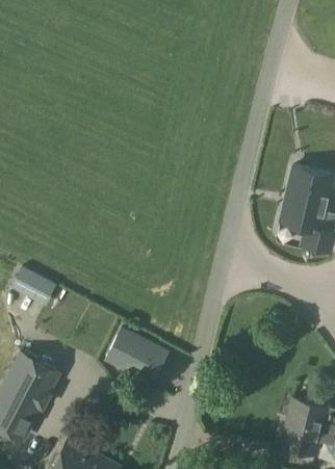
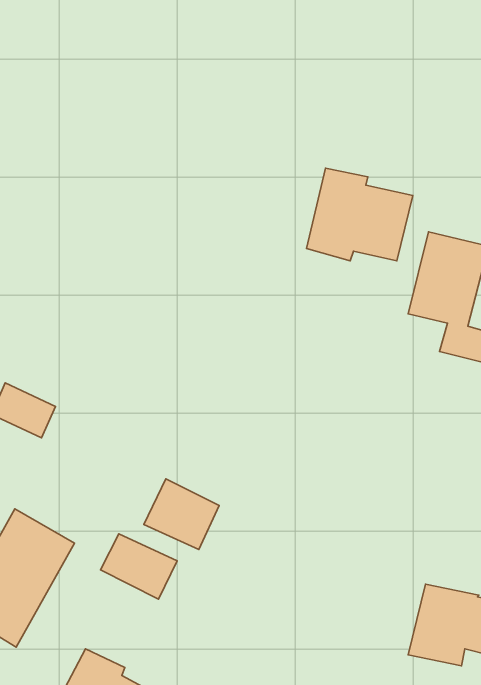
building: none -> [307,168,413,261]
building: none -> [101,534,177,599]

